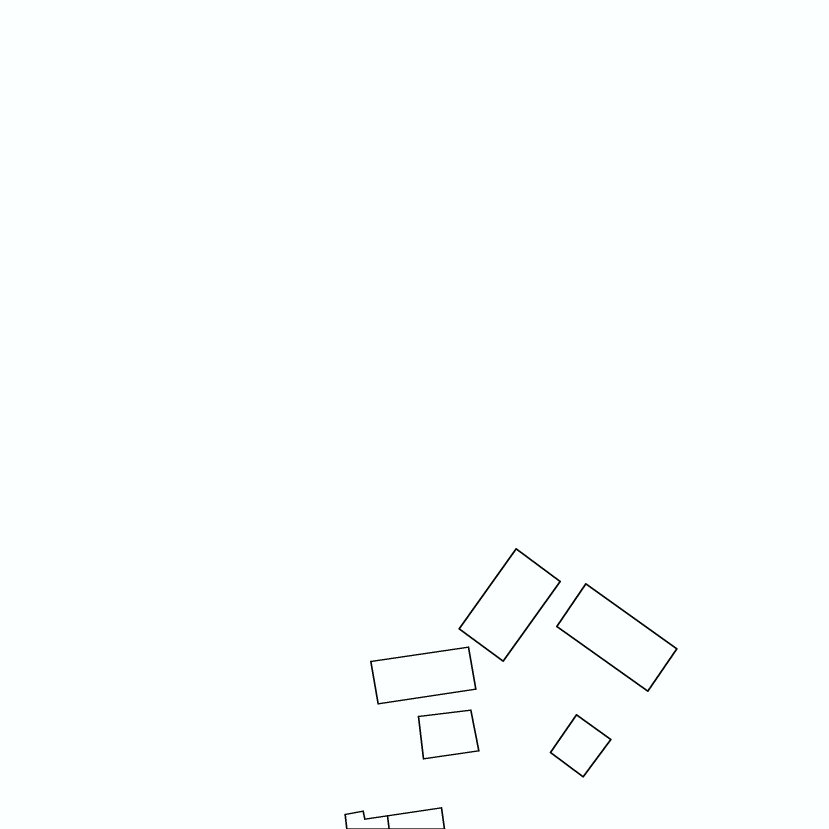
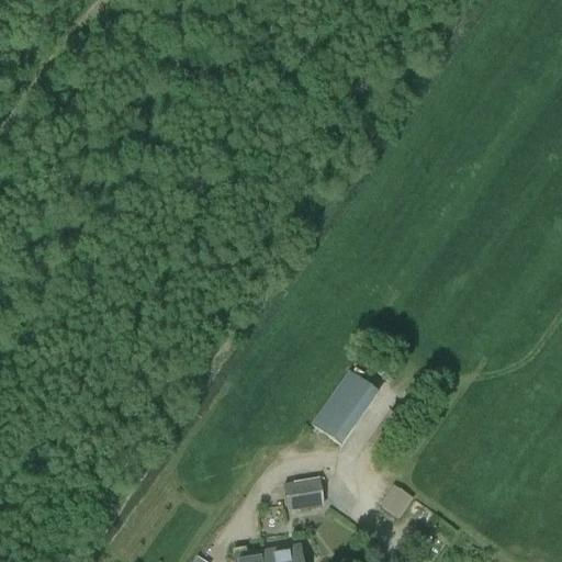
building: [557,584,677,691] -> none
building: [371,647,476,704] -> none

